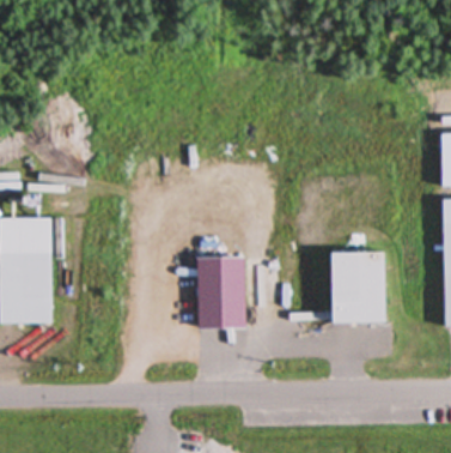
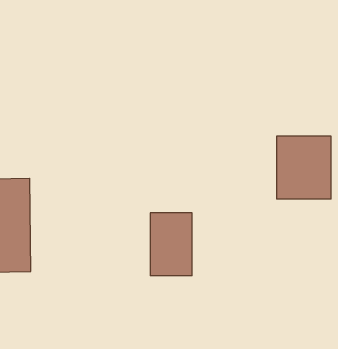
building: [327,252,389,324] -> [277,136,331,199]

